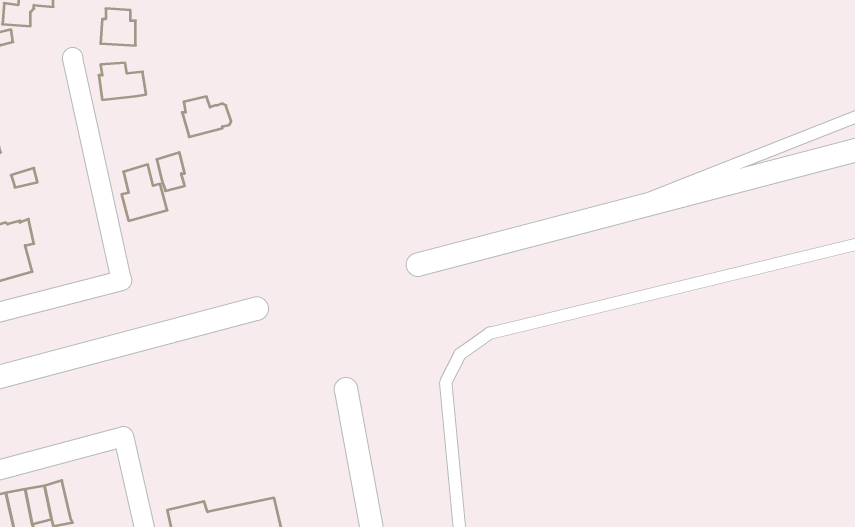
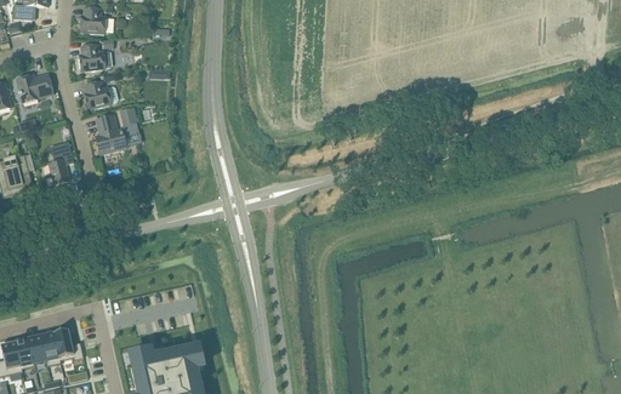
building: [182,97,231,137] -> [84,80,118,108]
building: none -> [16,72,53,101]
building: none -> [49,141,73,183]
building: none -> [53,330,82,359]

